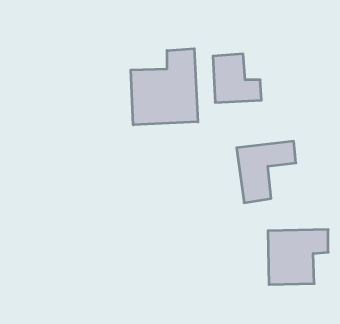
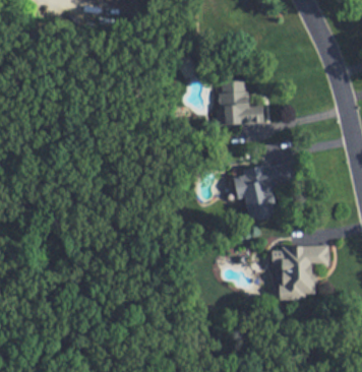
building: [131,49,198,125] -> none

